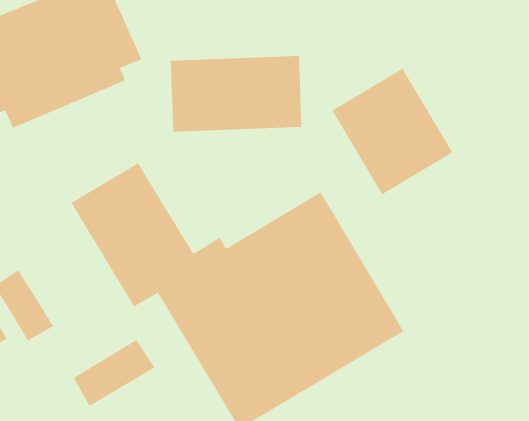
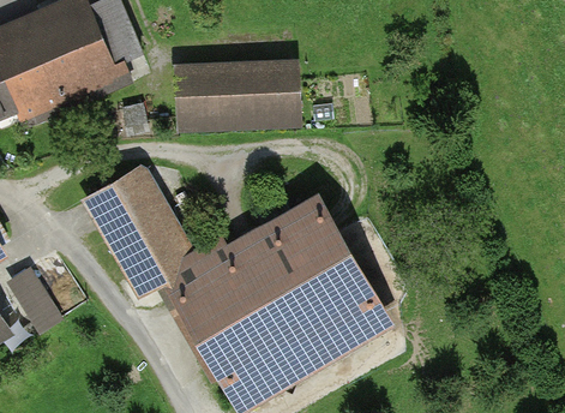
building: [332,68,453,195] -> none
building: [73,339,155,407] -> none

